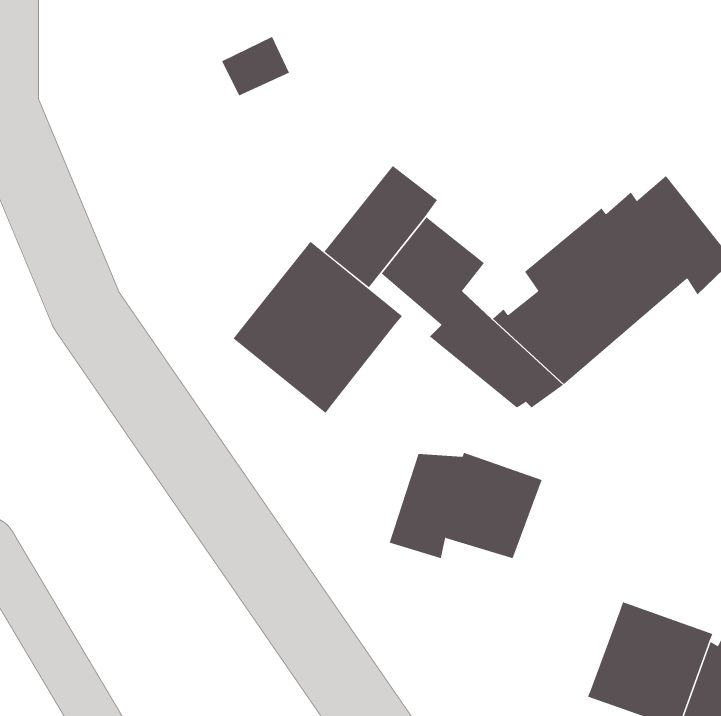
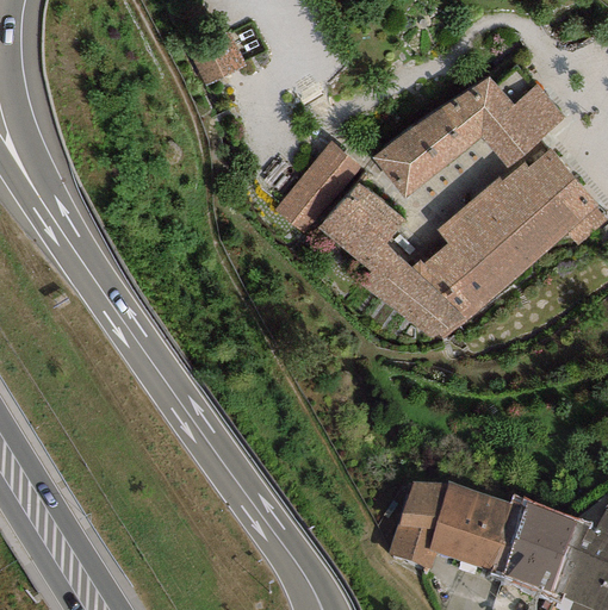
building: none -> [372,75,566,199]
building: [233,241,403,414] -> none
building: [389,452,542,559] -> [389,480,514,567]

